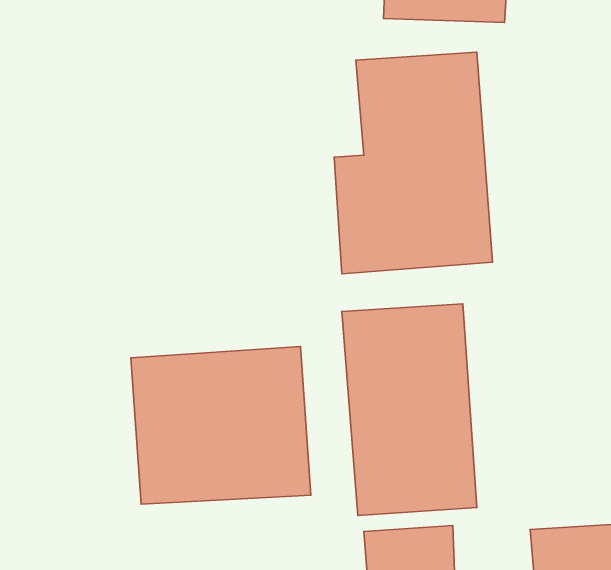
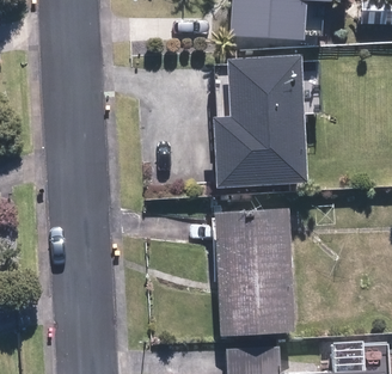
building: [131,346,311,504] -> none

